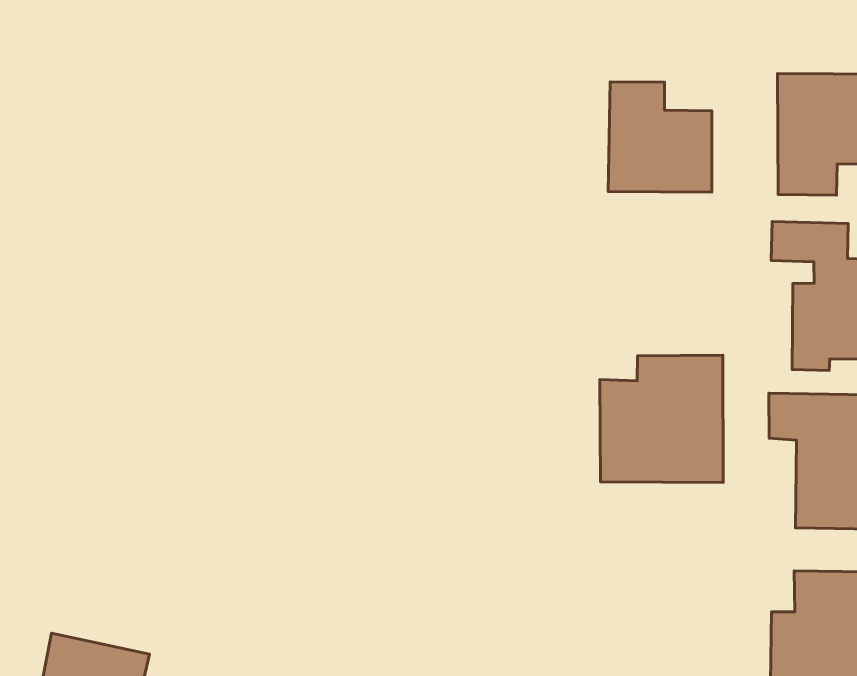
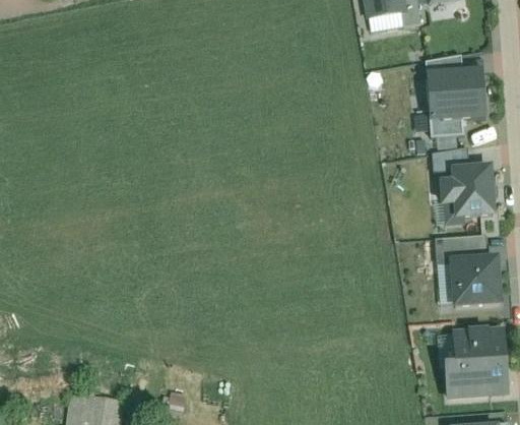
building: [608,82,712,192] -> none
building: [600,355,723,482] -> none

